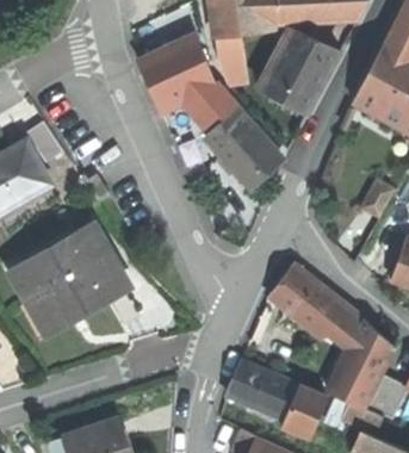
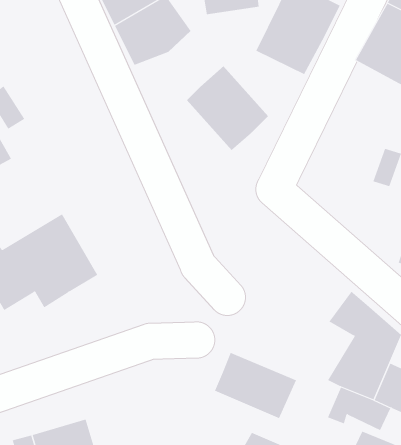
building: [186,75,235,125] -> none
building: [272,266,349,339] -> none
building: [283,387,328,439] -> none

